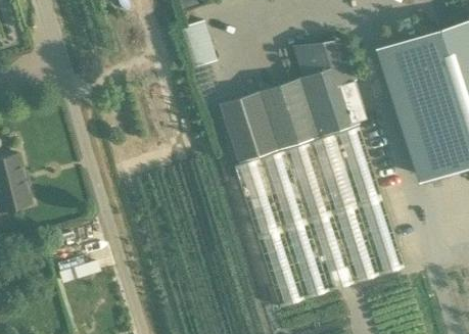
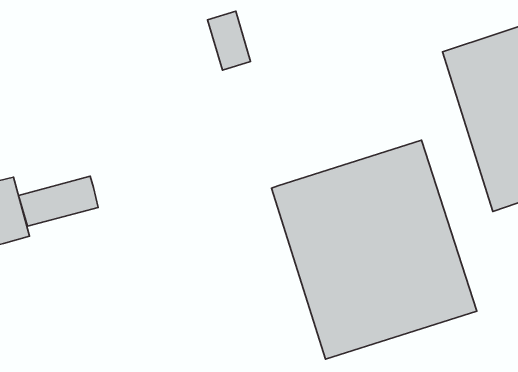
building: [219,45,358,162] -> none
building: none -> [18,176,98,226]

